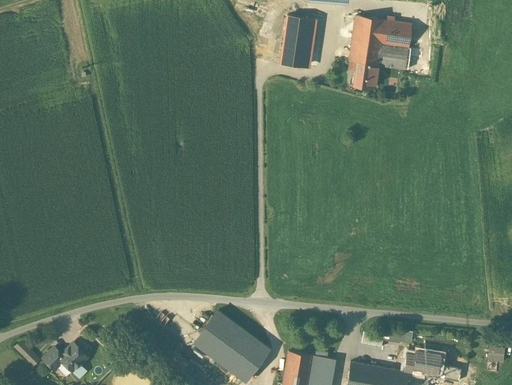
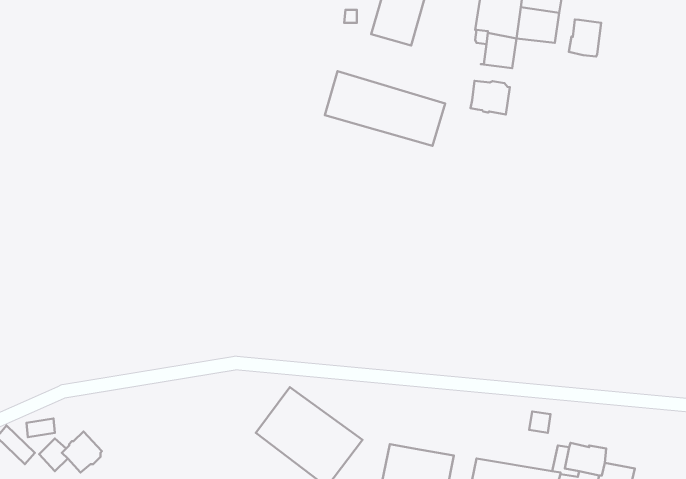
building: none -> [569,20,601,57]
building: none -> [325,71,445,146]
building: none -> [471,81,510,114]

